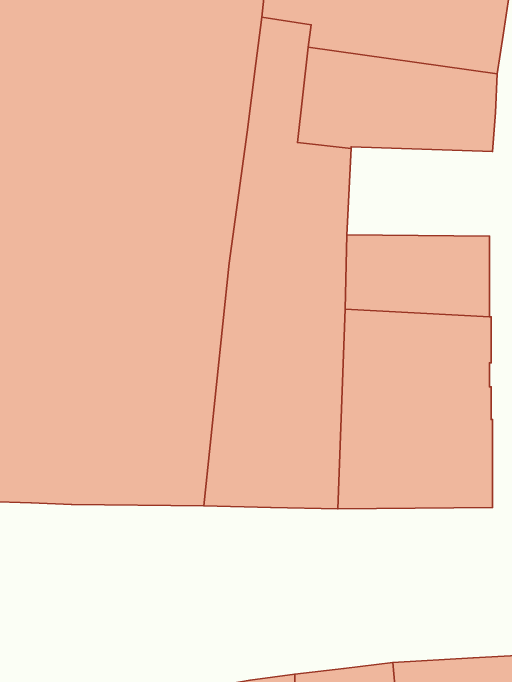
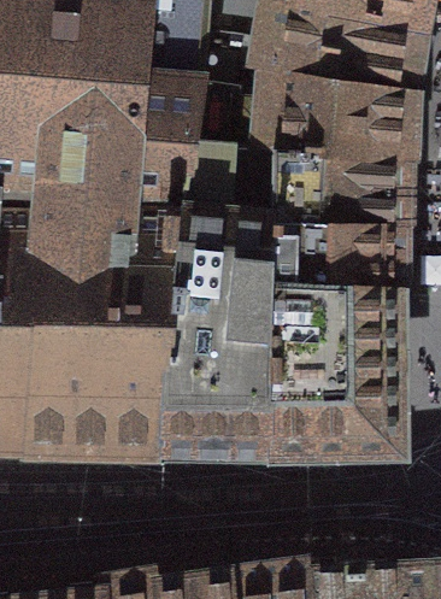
building: none -> [293,153,411,225]

